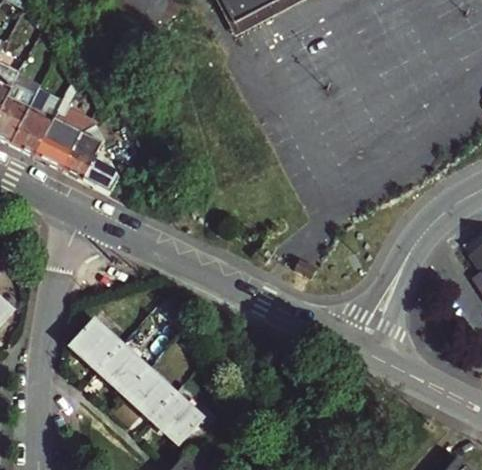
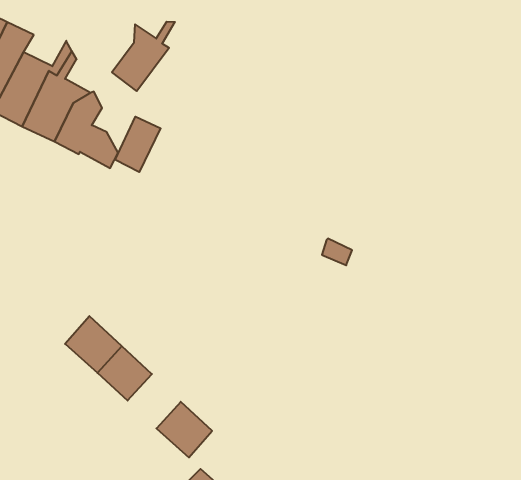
building: none -> [112,22,175,91]
building: none -> [115,117,161,172]
building: [124,369,170,416] -> none

